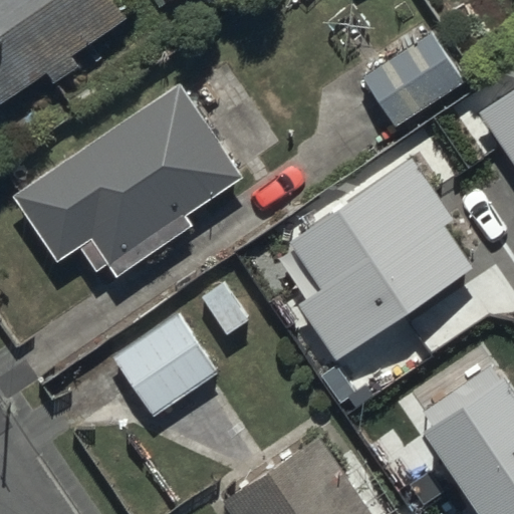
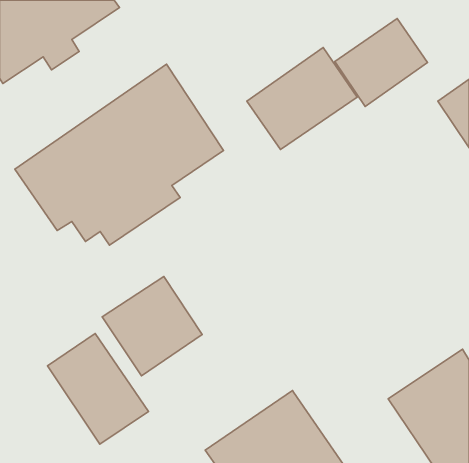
building: none -> [247,48,357,149]
building: [287,165,473,370] -> none
building: none -> [47,333,149,444]

